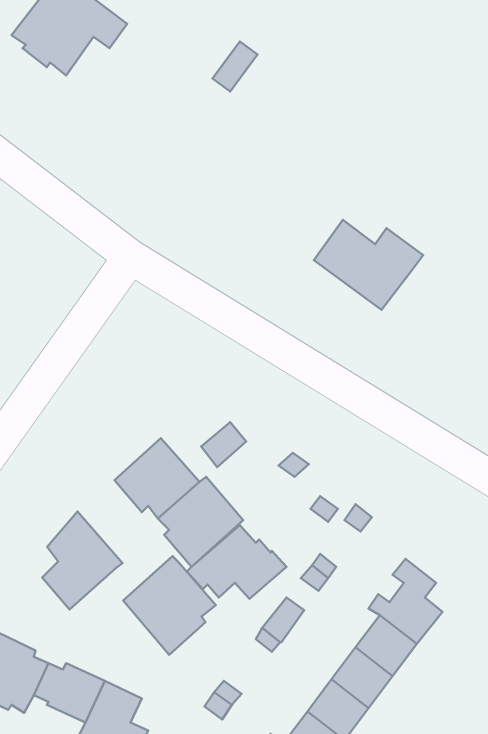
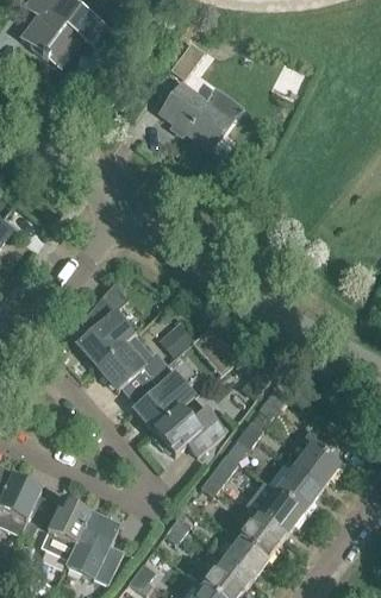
building: [314,220,423,310] -> [160,81,241,147]
building: [42,512,123,610] -> [77,292,137,365]
building: [123,556,216,655] -> none

